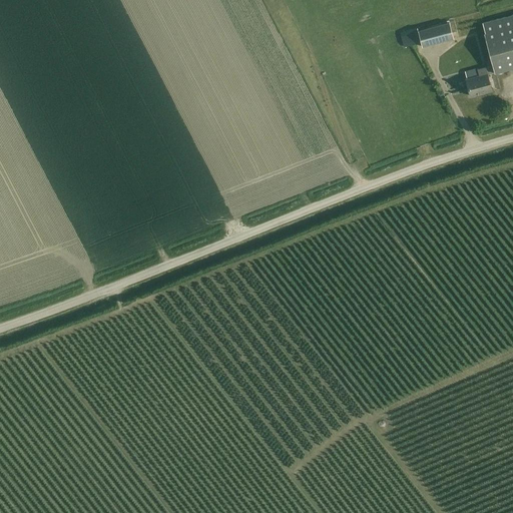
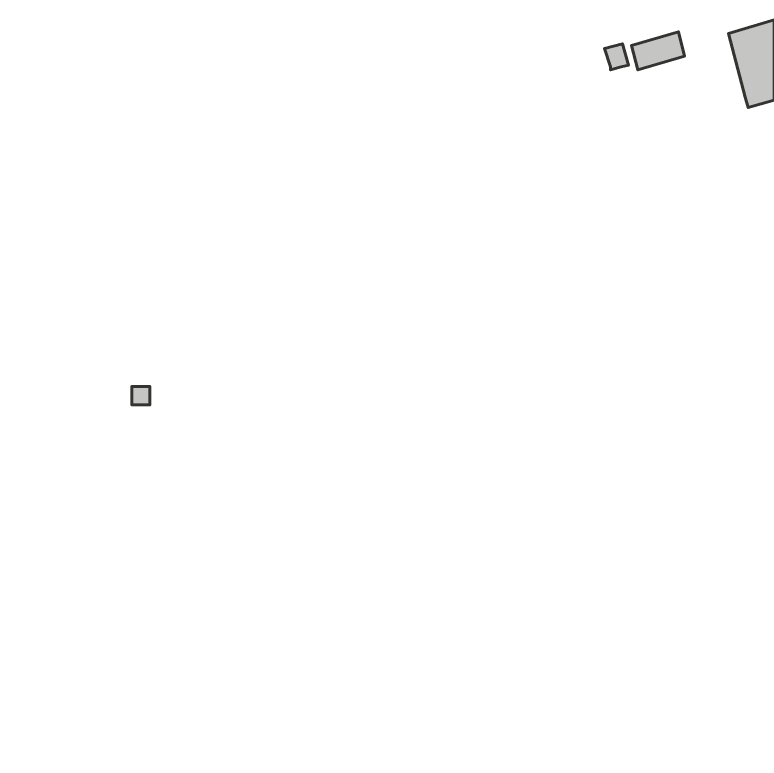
building: [465,64,495,95] -> none

